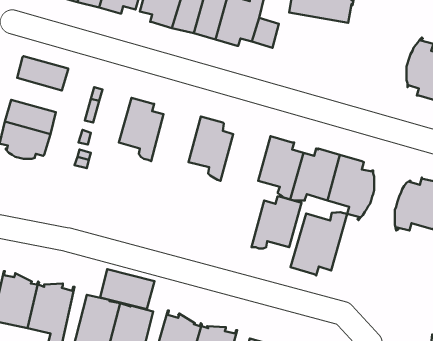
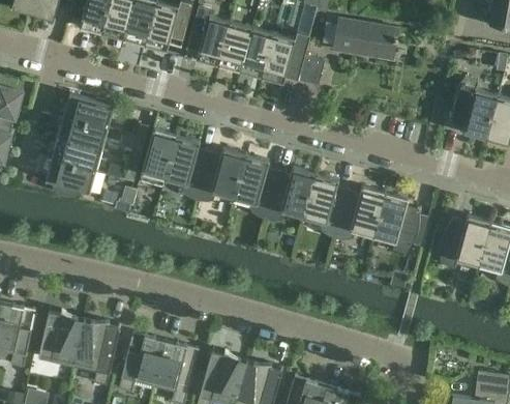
building: none -> [57,116,108,150]
building: none -> [139,129,177,187]
building: none -> [197,148,246,200]
building: [252,196,301,248] -> [266,168,316,220]
building: [290,212,347,275] -> none
building: [100,269,155,309] -> none

